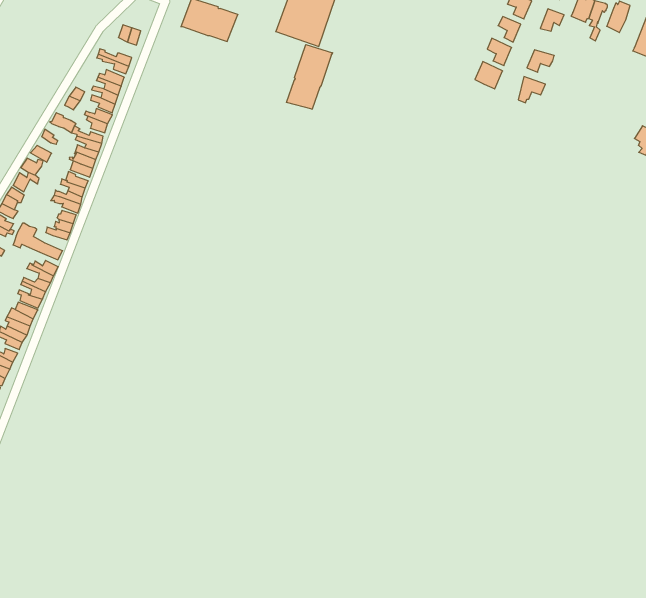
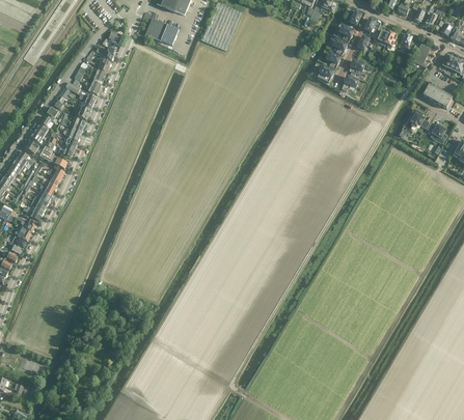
building: [287,45,333,109] -> none

